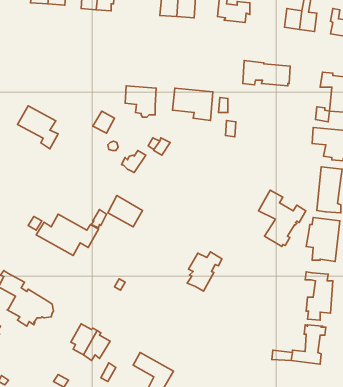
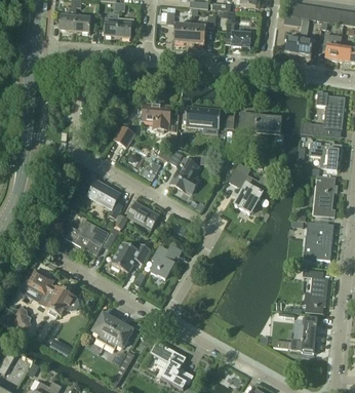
building: [243,60,290,86] -> [239,112,281,134]
building: [18,106,58,149] -> [86,180,122,218]
building: none -> [170,157,200,193]
building: [259,190,306,247] -> [229,163,271,213]
building: none -> [111,241,151,272]
building: [187,252,222,291] -> [150,243,181,278]

